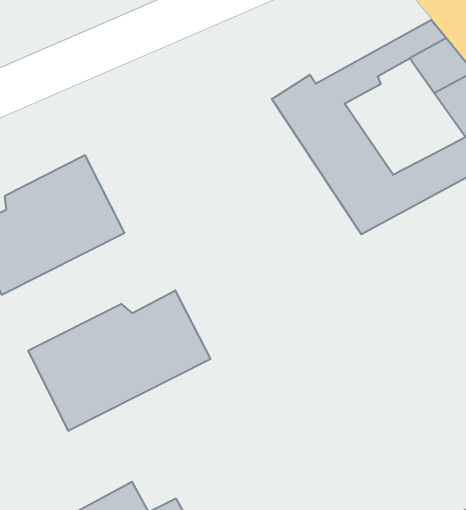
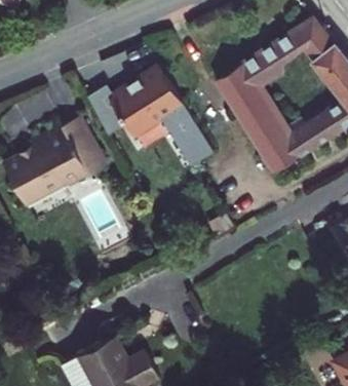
building: none -> [81,62,211,163]
building: [28,290,210,431] -> none

